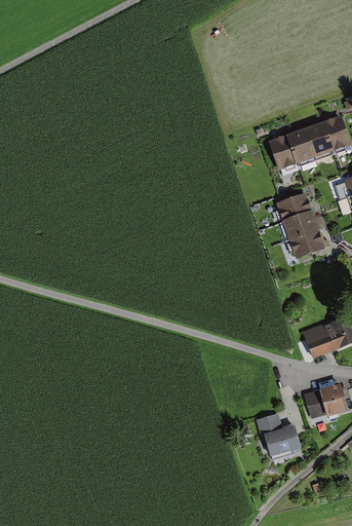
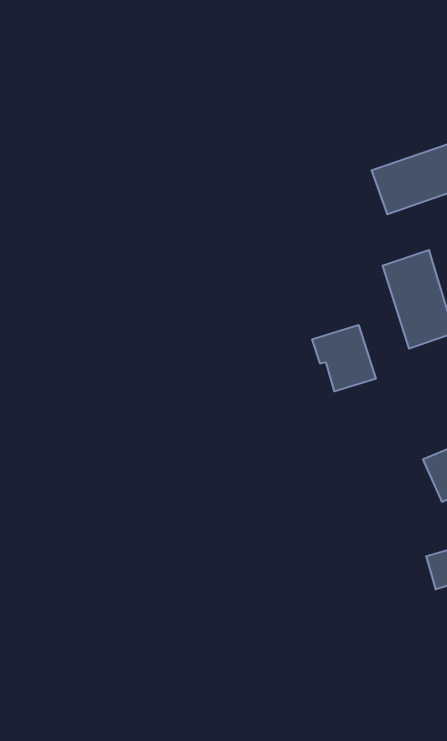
building: none -> [312,325,376,391]
building: [251,413,297,458] -> none

